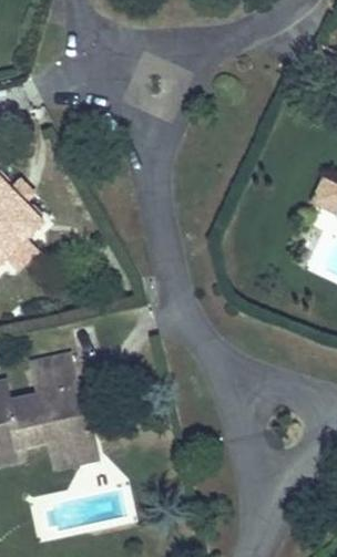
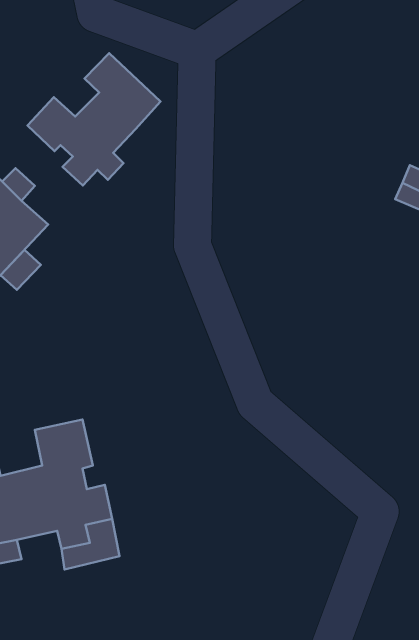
building: none -> [28,53,160,186]

